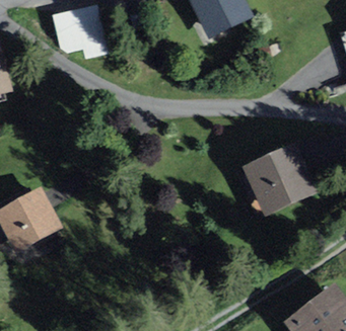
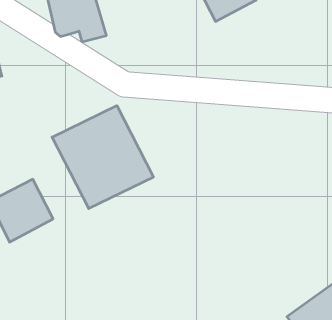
building: none -> [52,106,153,209]
building: [245,145,314,210] -> none

